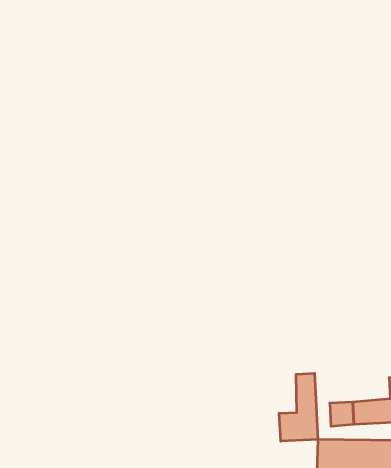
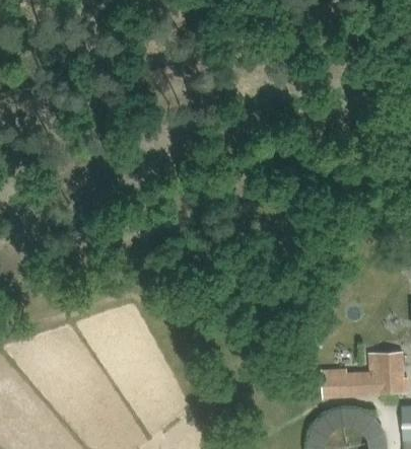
building: [279,373,318,441] -> none

